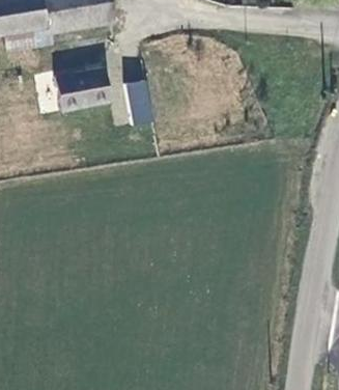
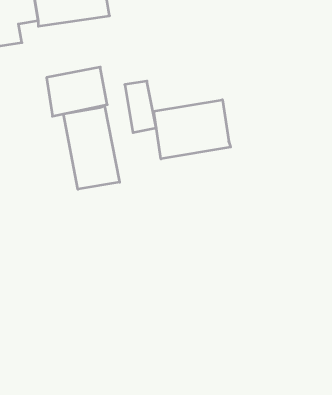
building: none -> [154,100,231,159]
building: none -> [63,106,120,189]

